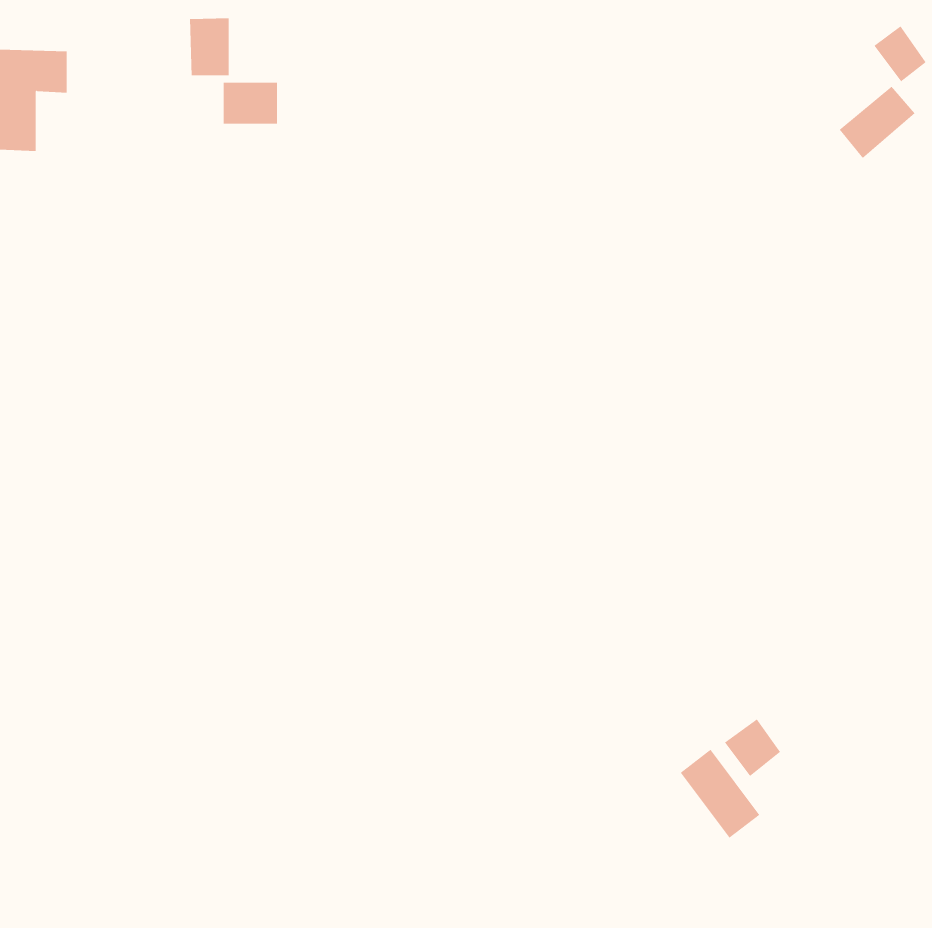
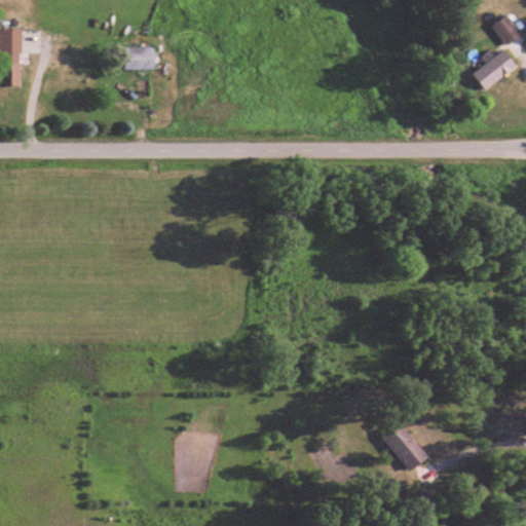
building: [190,18,229,76] -> none
building: [724,718,781,777] -> none

